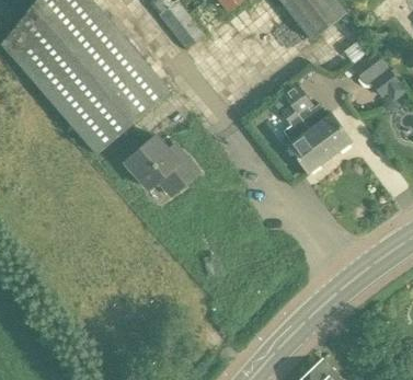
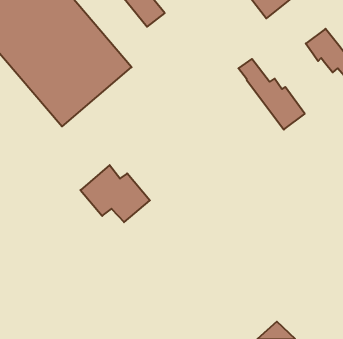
building: [280,103,330,173] -> none
building: [125,134,198,194] -> [80,165,150,222]

